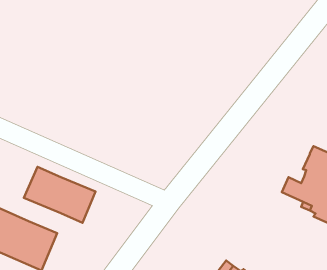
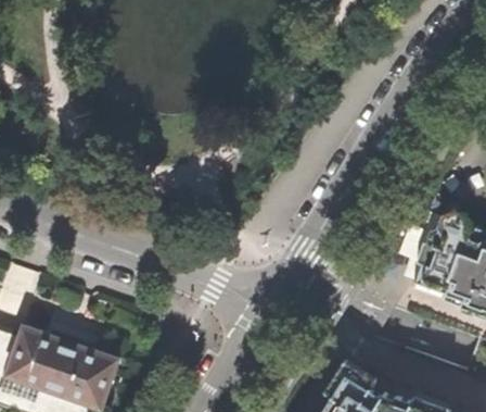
building: [24,167,95,223] -> none

